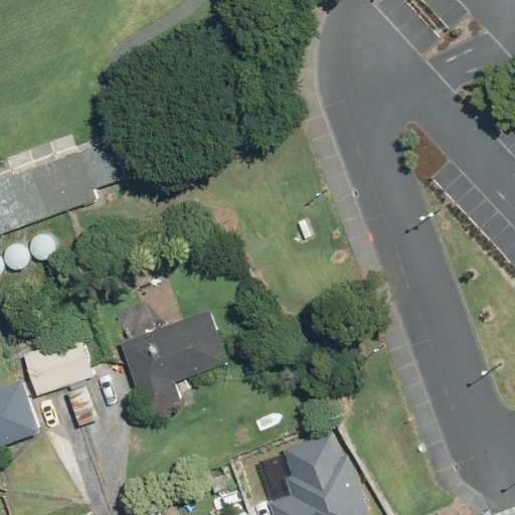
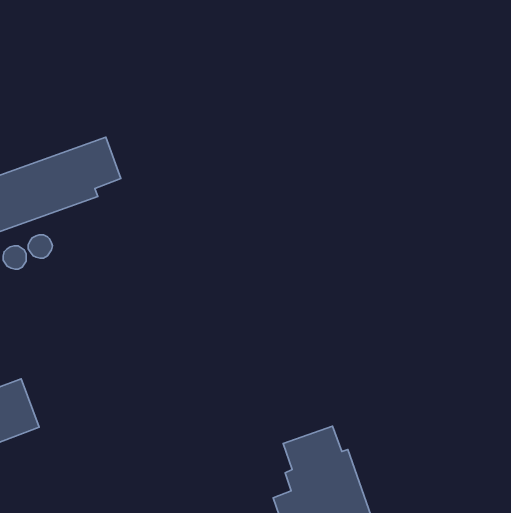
building: [117,312,225,416] -> none
building: [20,335,94,396] -> none

